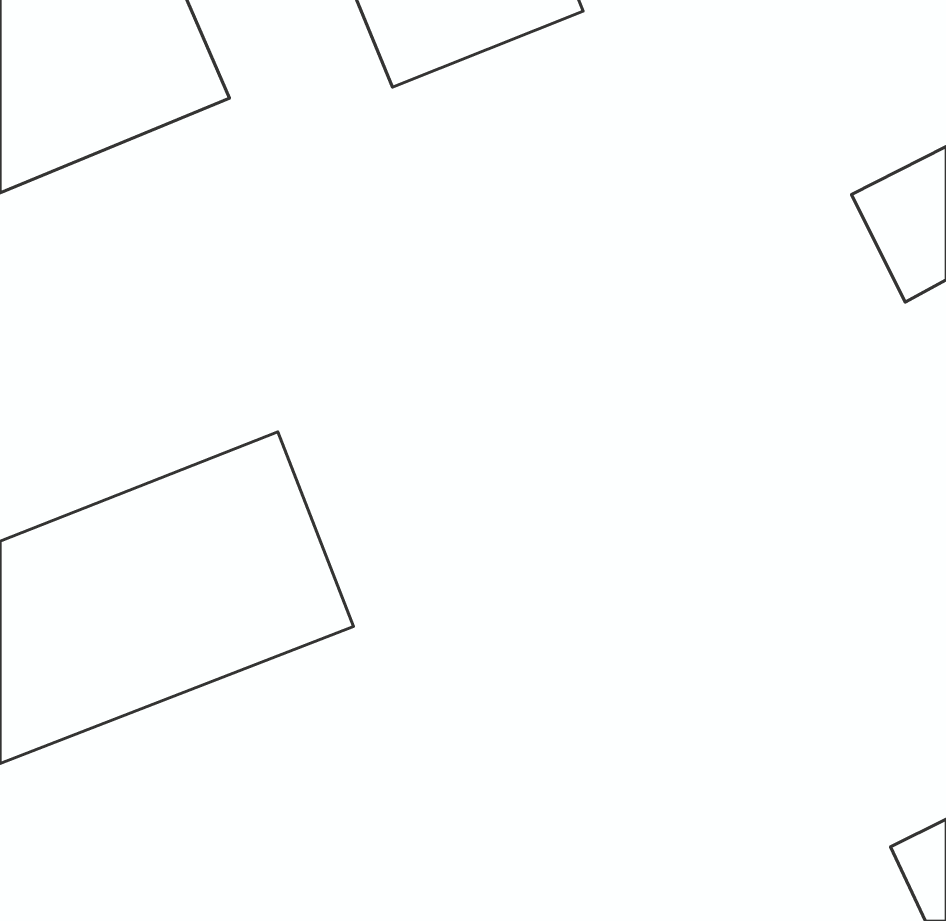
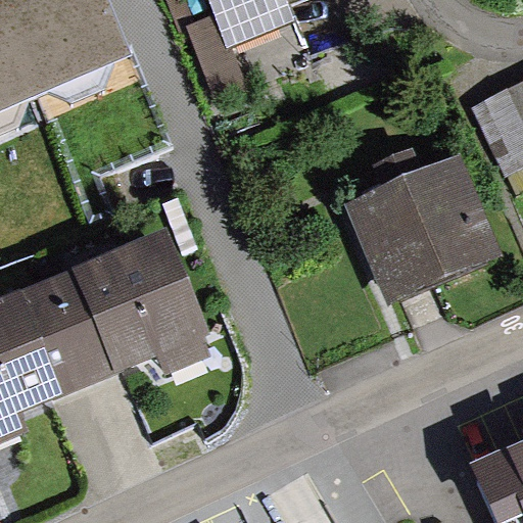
building: none -> [345,150,503,298]

